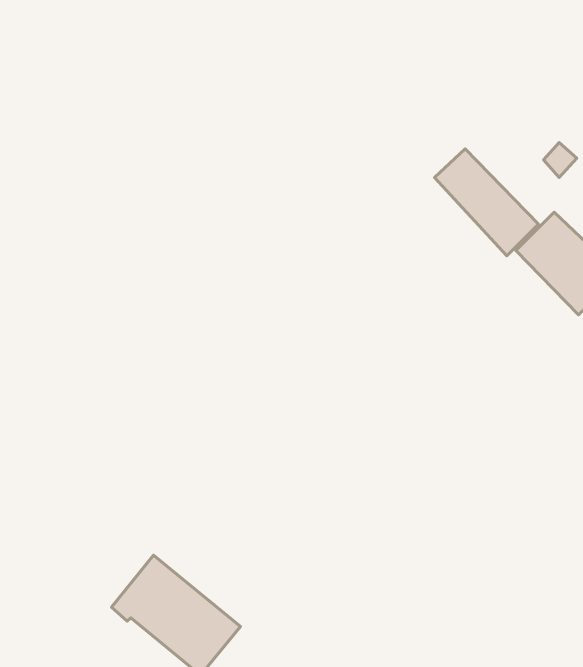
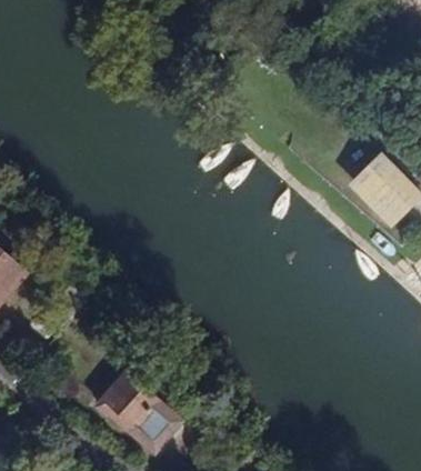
building: [434,149,539,256] -> none

